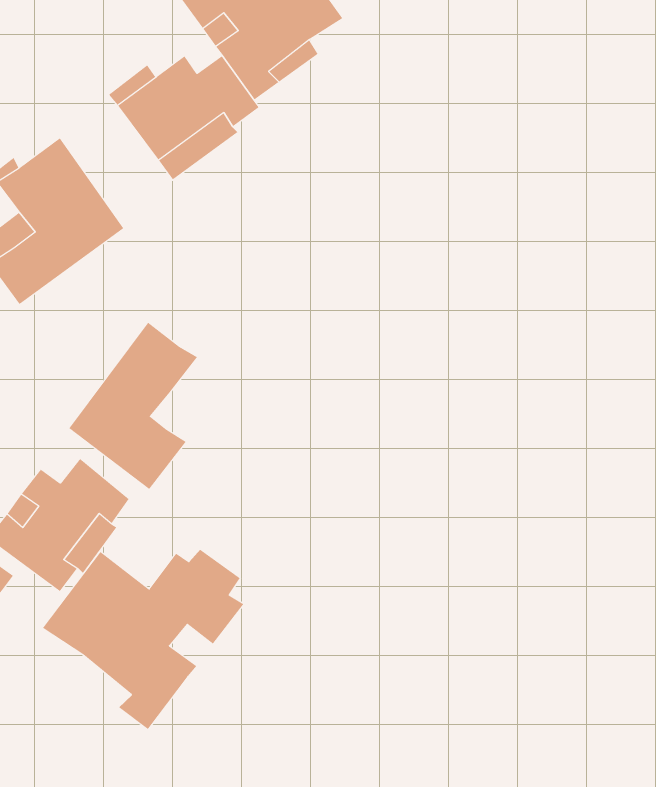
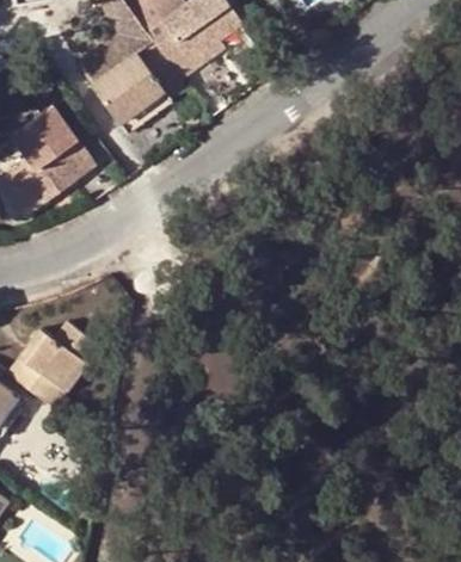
building: [69,322,198,490] -> none
building: [42,549,244,730] -> none

